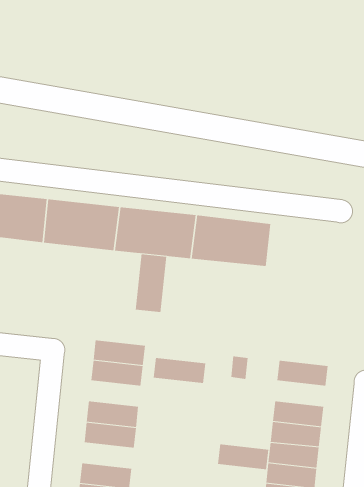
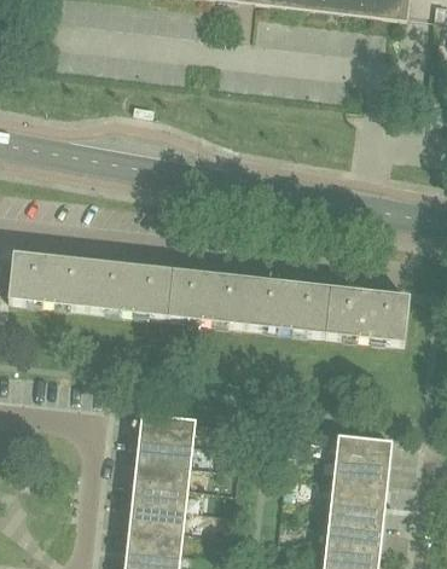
building: none -> [325,285,408,339]
building: [135,254,167,313] -> none
building: [153,357,206,383] -> [134,453,191,481]
building: none -> [127,519,184,547]
building: [217,444,269,470] -> [333,453,389,481]

